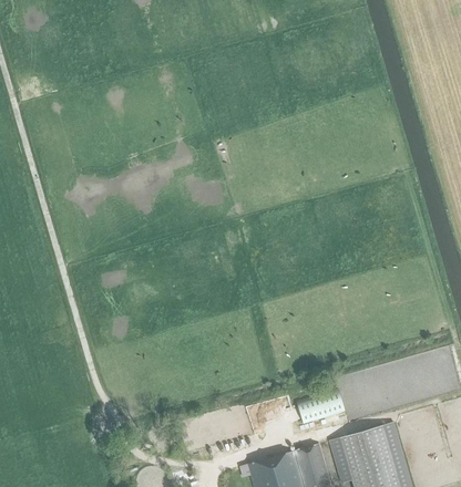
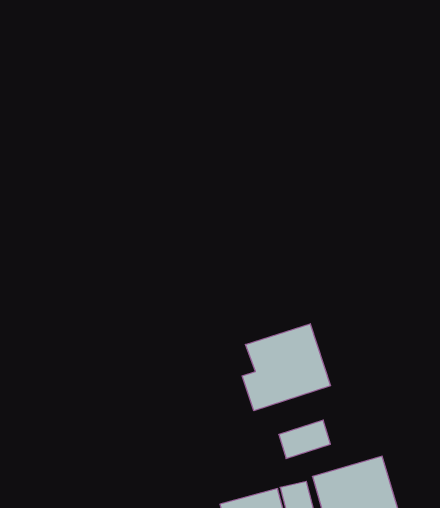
building: none -> [242,324,330,411]

